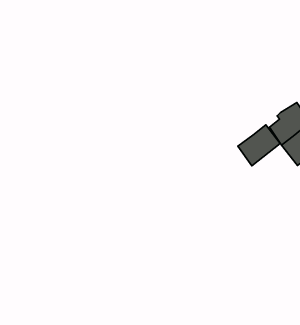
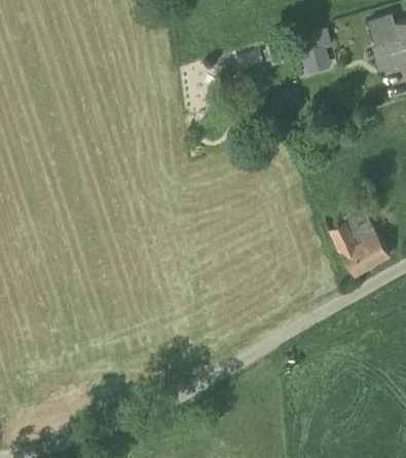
building: [238,125,280,166] -> none

